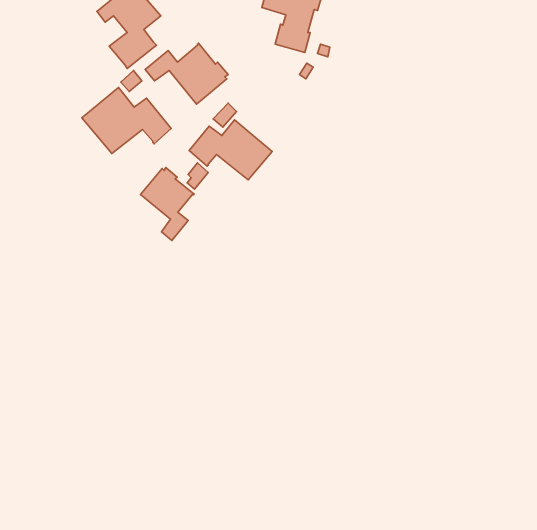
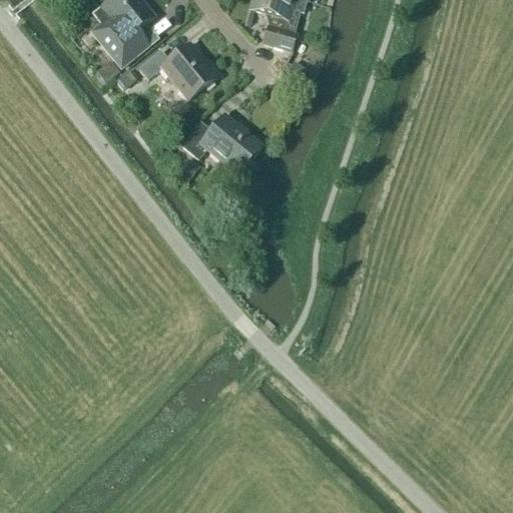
building: [82,88,171,153] -> none
building: [140,168,194,240] -> none

